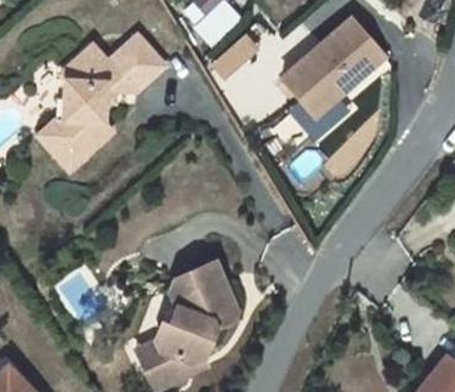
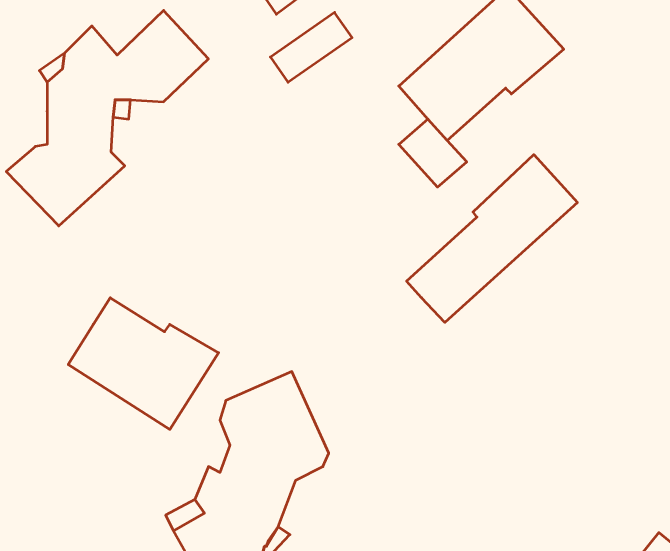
building: none -> [407,155,577,322]
building: none -> [68,298,219,429]

